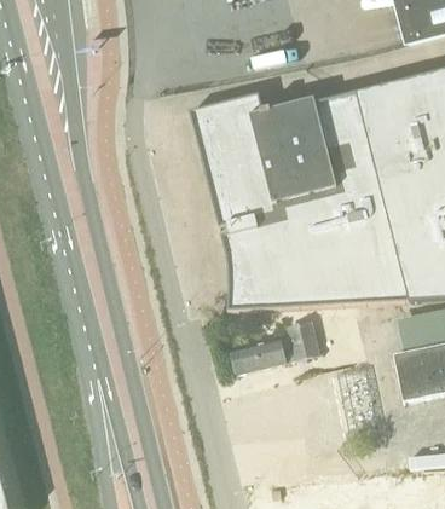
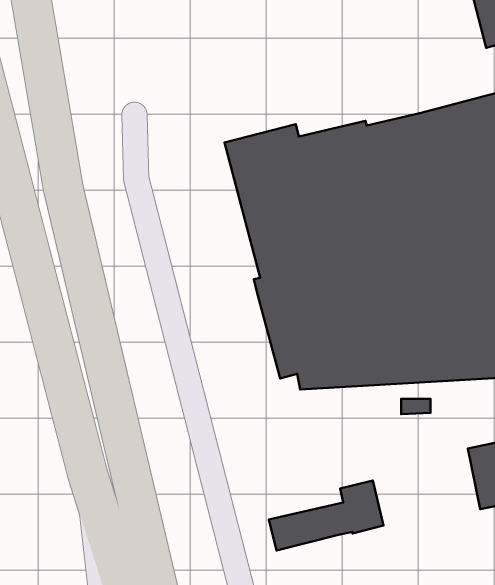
building: [231,318,320,372] -> [269,481,384,550]

